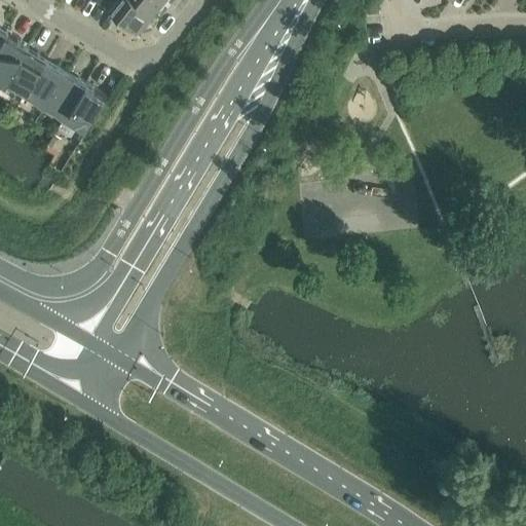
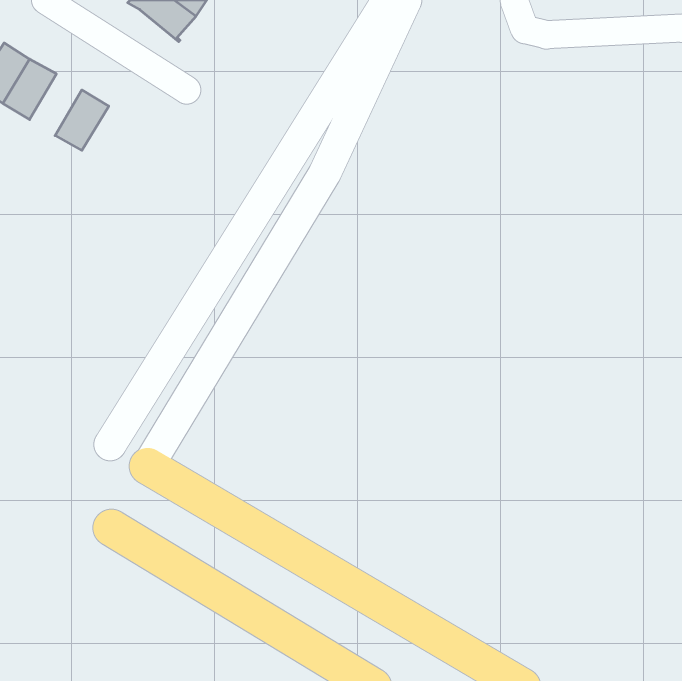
building: [23,61,63,108] -> none
building: [63,85,104,133] -> none

